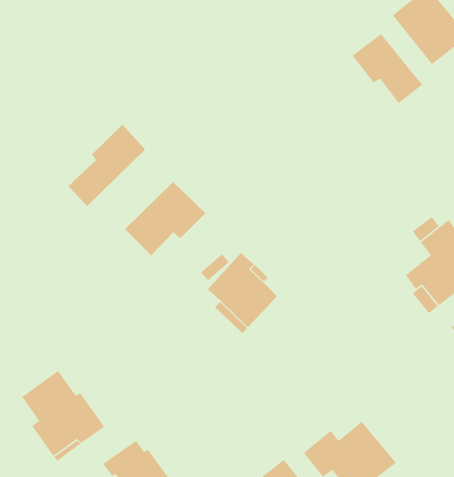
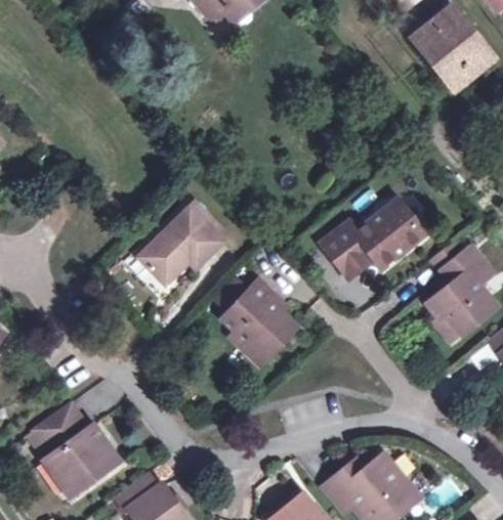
building: [351,33,423,104] -> none
building: [68,124,146,207] -> none
building: none -> [325,200,423,277]

